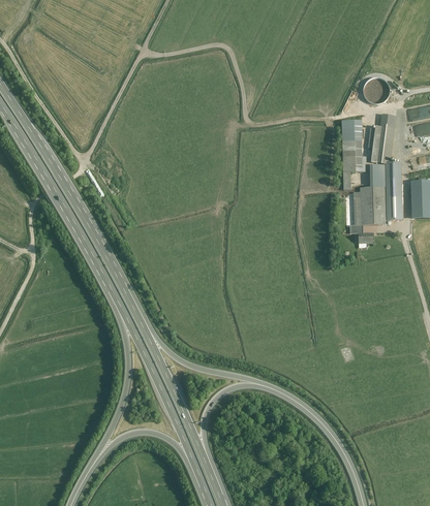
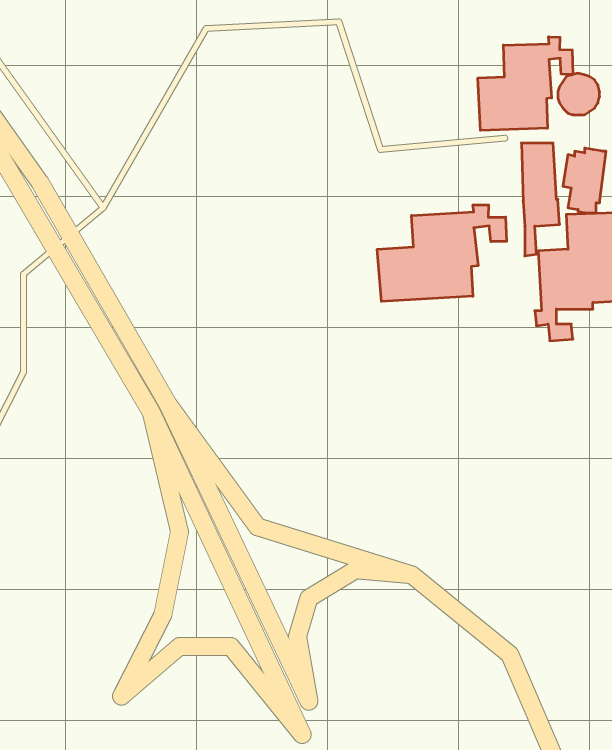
building: none -> [478,37,573,130]
building: none -> [377,205,507,301]

